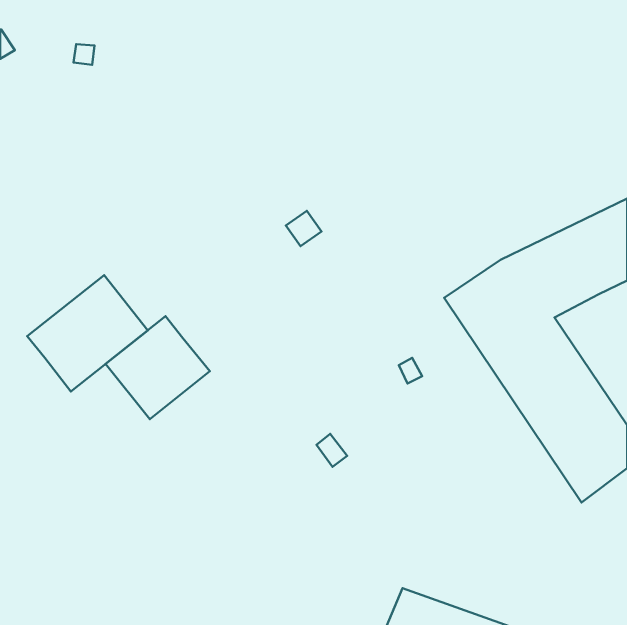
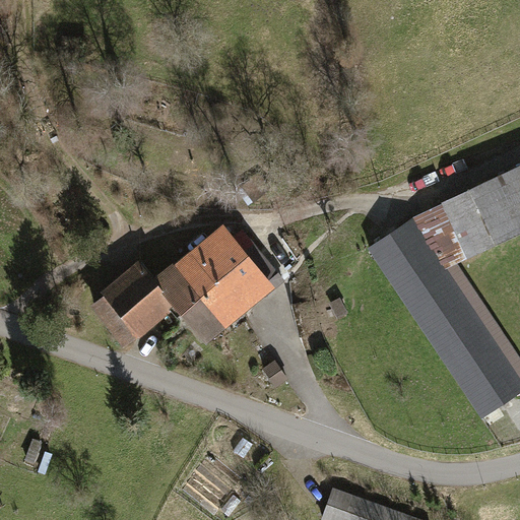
building: none -> [151,224,276,347]
building: [27,275,148,391] -> none

